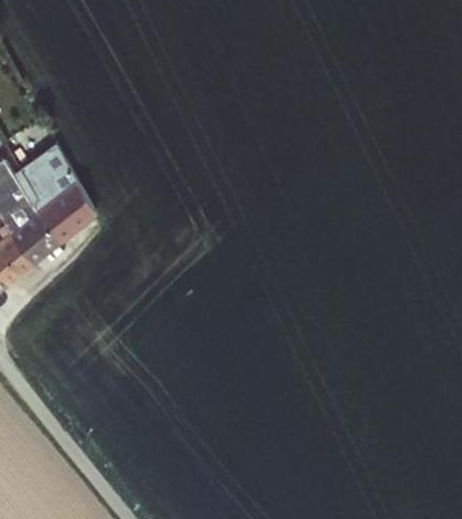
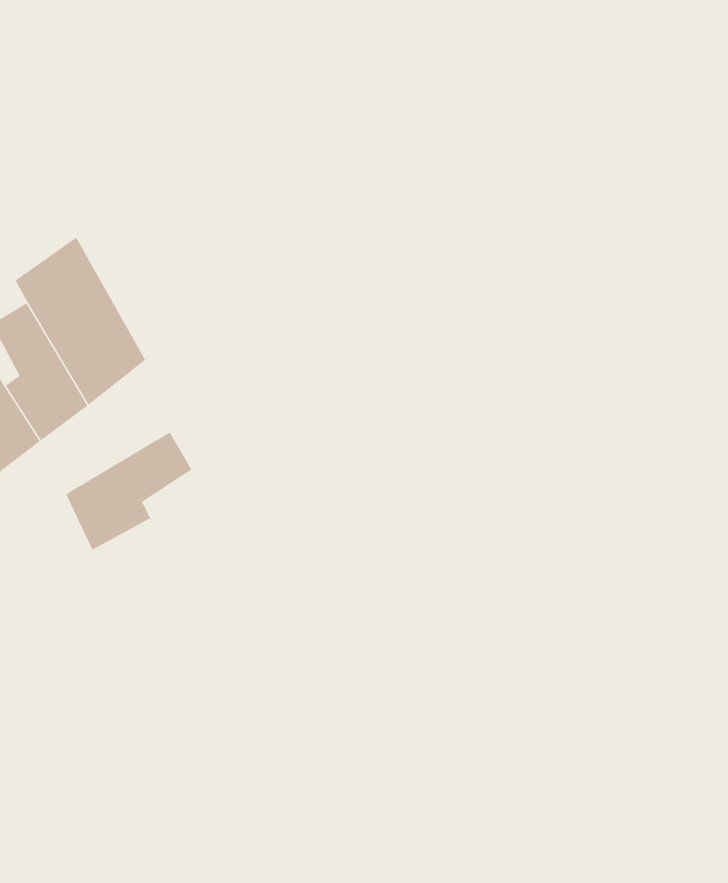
building: none -> [66,432,192,551]

